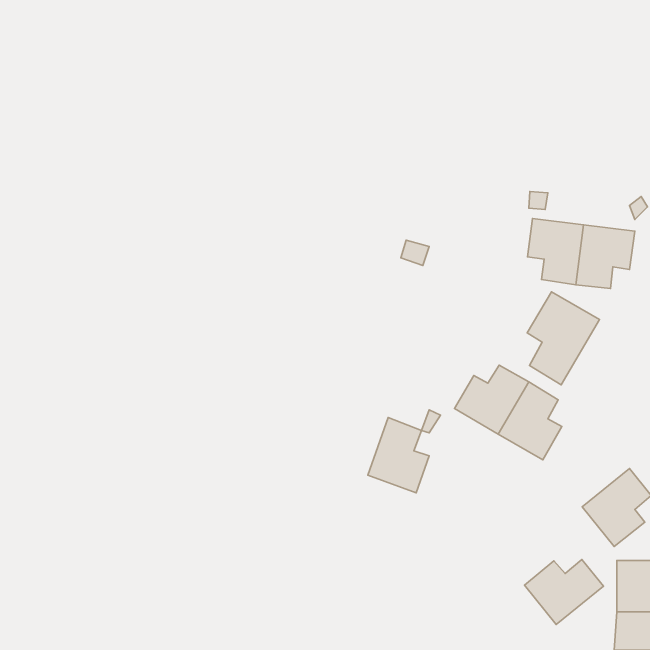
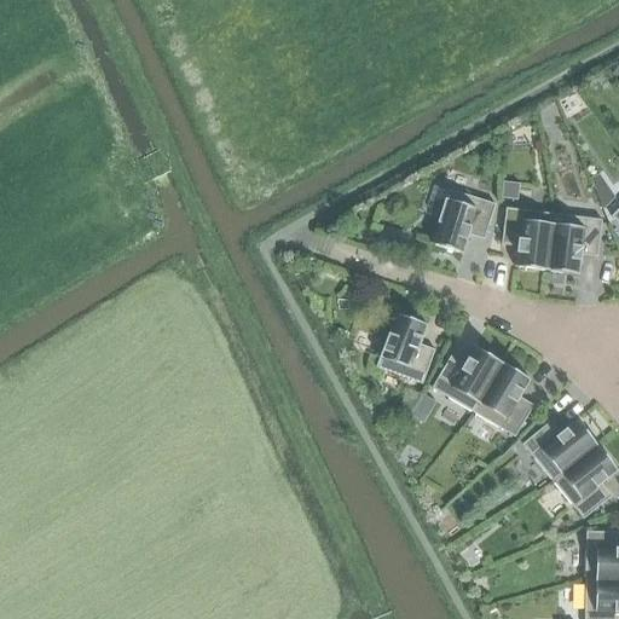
building: none -> [432,187,496,253]
building: [527,292,599,385] -> none
building: [368,418,429,493] -> [377,312,435,383]
building: [524,560,604,625] -> [523,418,598,480]

